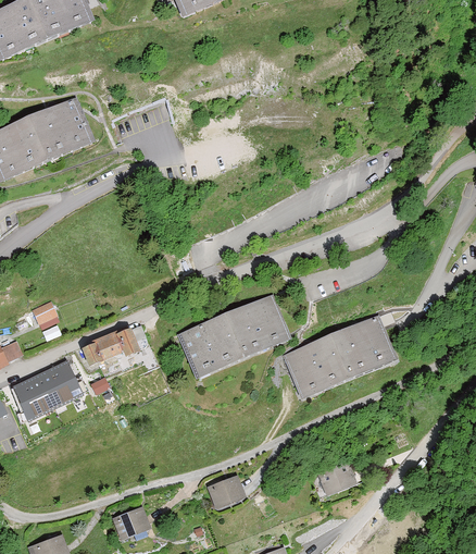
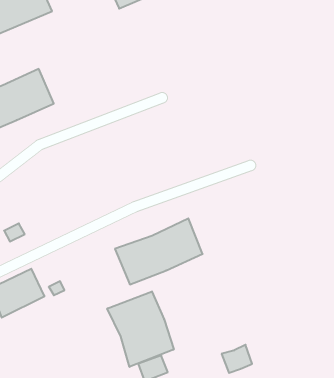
building: [281,313,397,401] -> none
building: [80,324,146,367] -> none
building: none -> [107,291,174,367]

